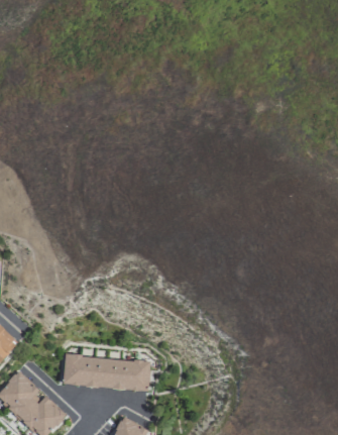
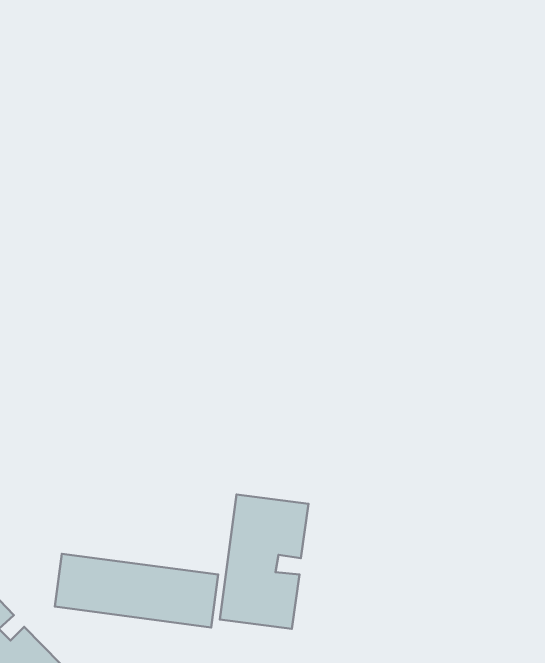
building: none -> [220,494,308,629]

